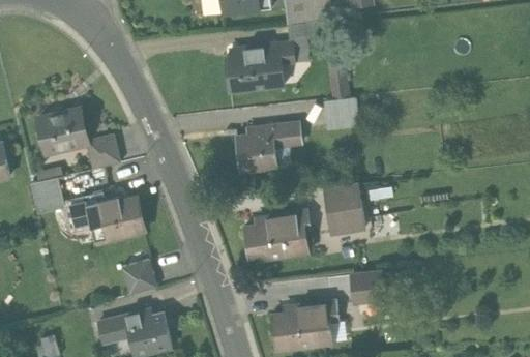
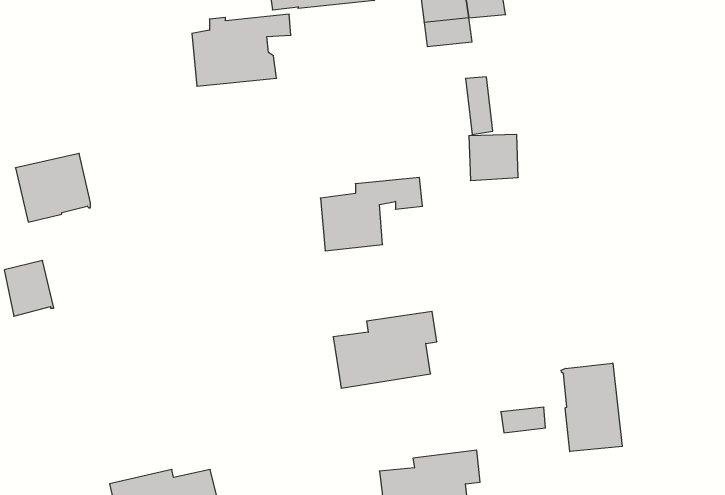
building: [227,44,291,91] -> [192,14,291,86]
building: [86,135,118,169] -> none
building: [324,184,365,232] -> none
building: [70,196,143,241] -> none
building: none -> [561,363,622,452]
building: [121,259,157,295] -> none

